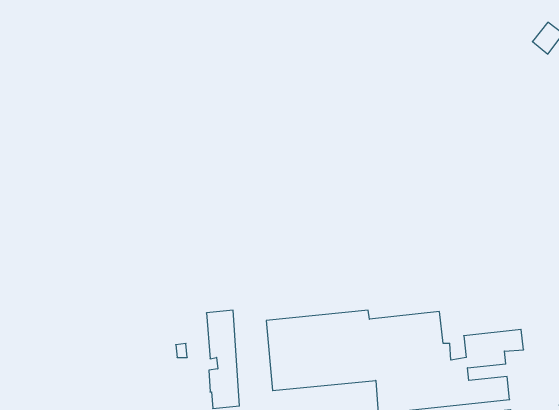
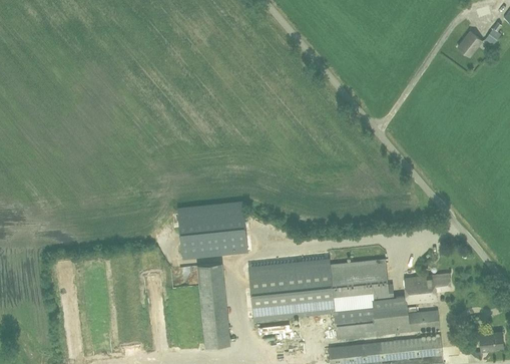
building: none -> [177,203,246,257]

